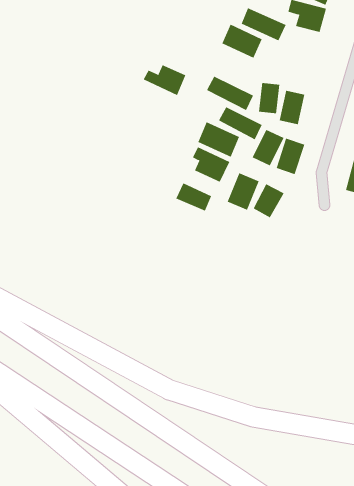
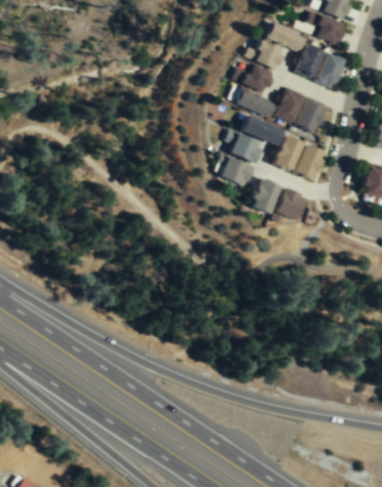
building: none -> [299,45,346,89]
building: [143,64,186,96] -> [235,64,275,93]
building: [176,182,212,212] -> none

